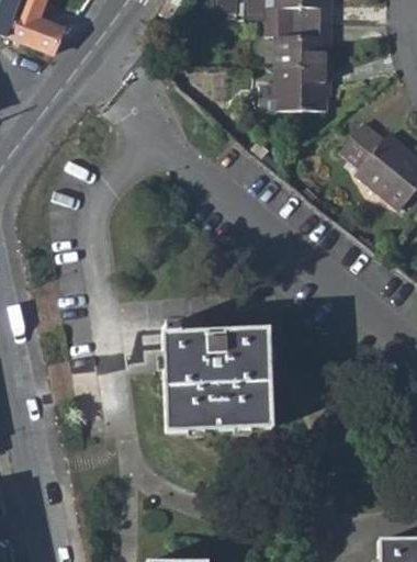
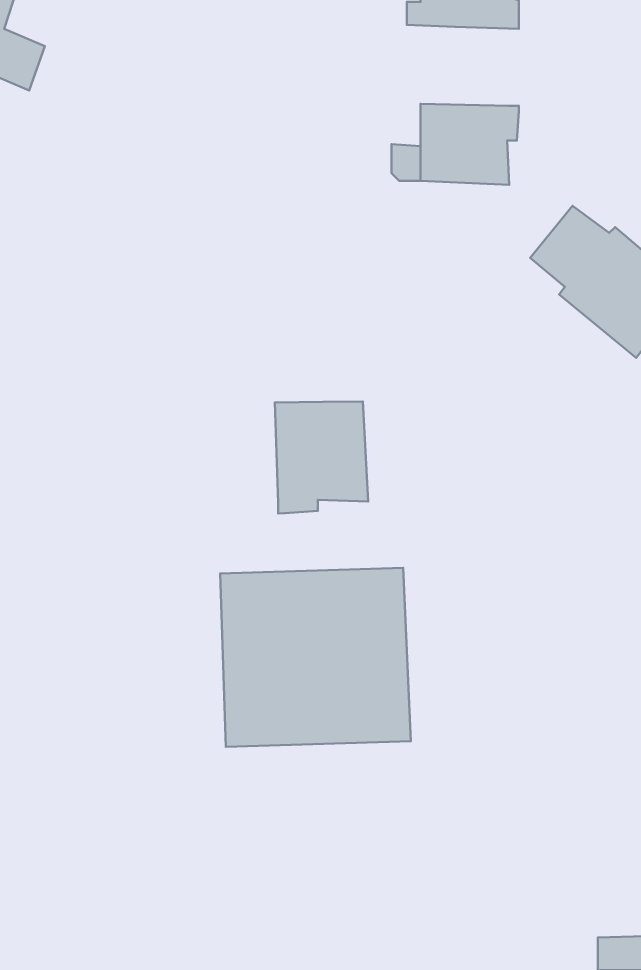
building: [275,20,331,65] -> none
building: none -> [275,402,368,513]

